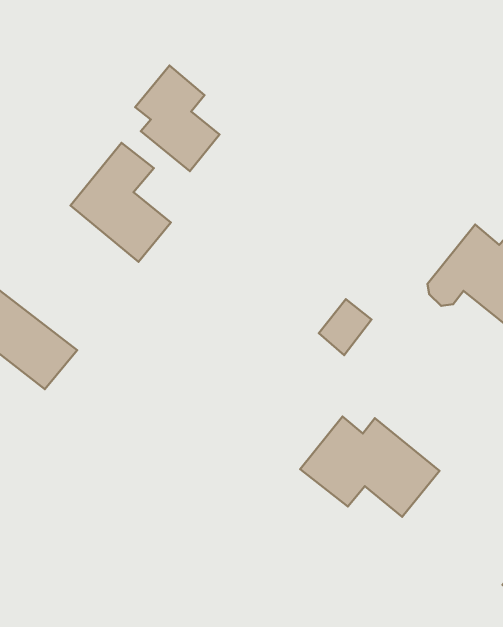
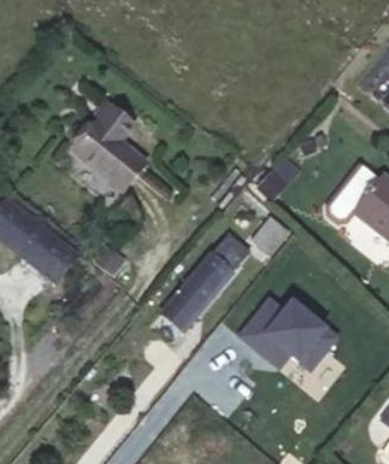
building: [135,65,220,171] -> none
building: none -> [177,230,251,312]

